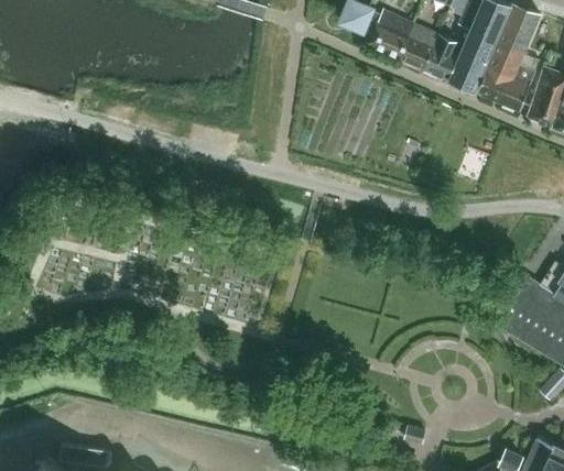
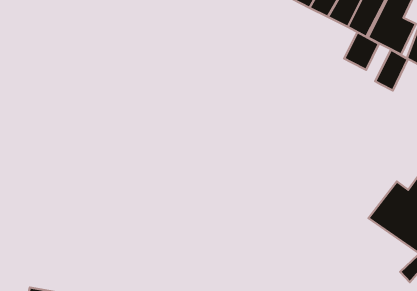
building: none -> [344,32,379,70]
building: none -> [375,49,408,90]

